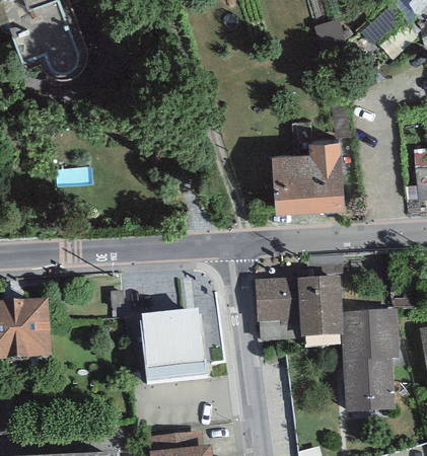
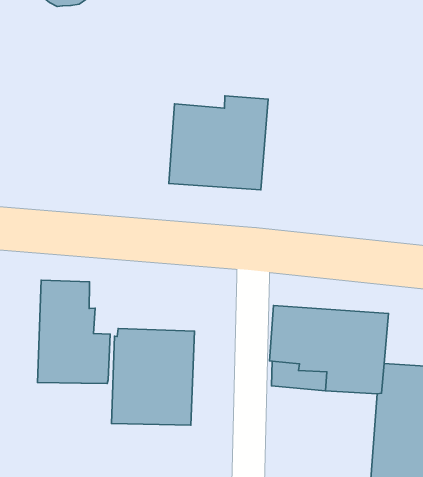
building: [272,144,345,217] -> [169,96,268,190]
building: none -> [38,280,110,383]

